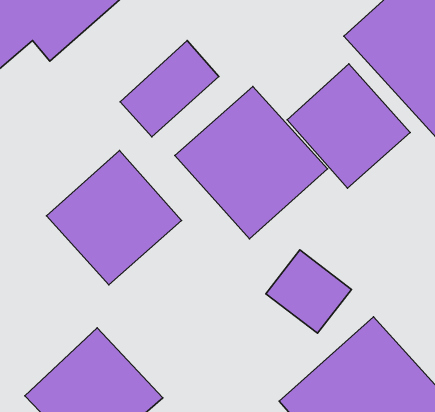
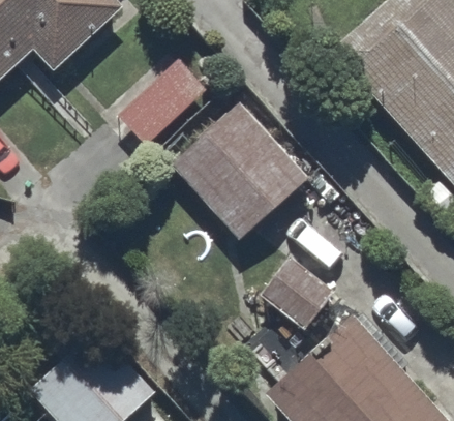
building: [287,64,410,188] -> none
building: [46,151,182,285] -> none

